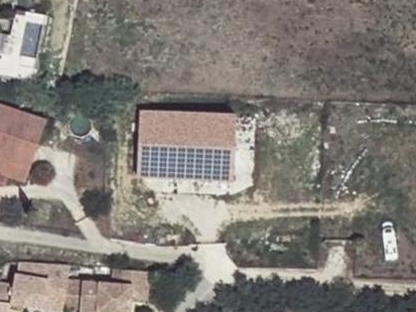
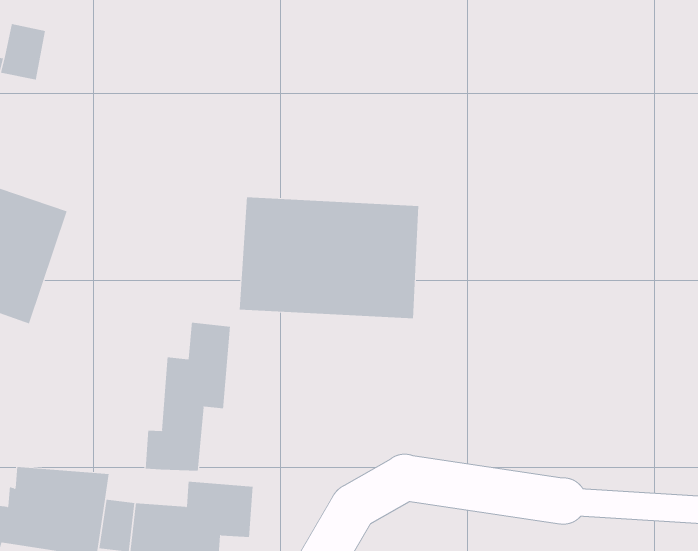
building: none -> [145,322,230,472]

